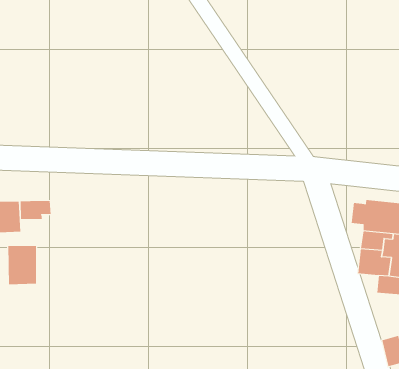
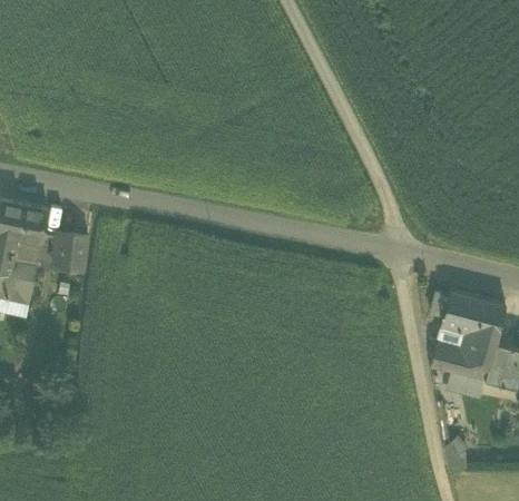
building: [20,200,51,220] -> none
building: [8,245,37,285] -> none

